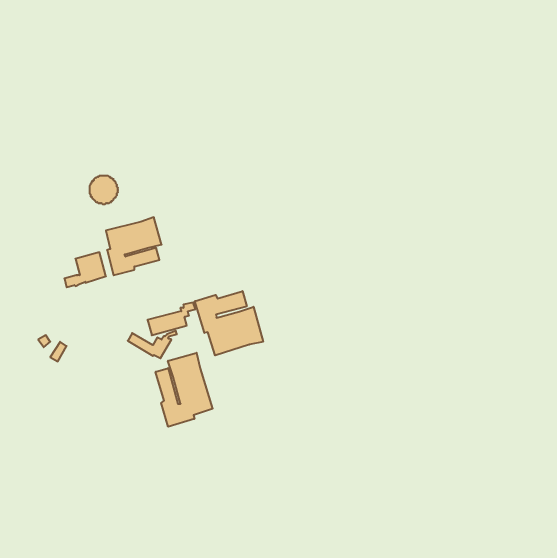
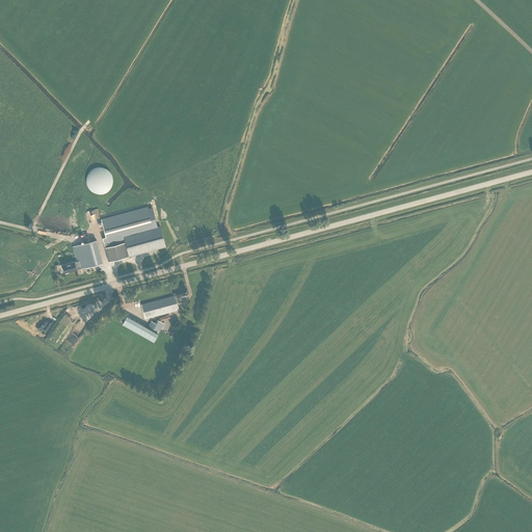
building: [195,291,263,355] -> none
building: [156,353,213,427] -> none

